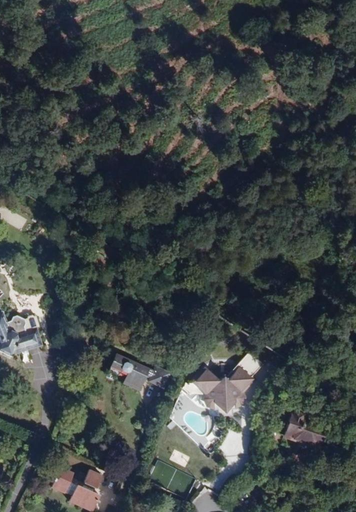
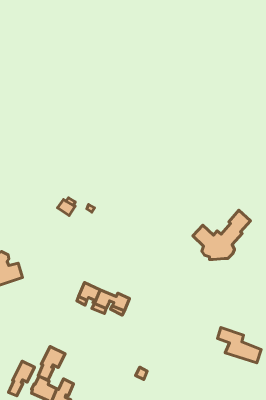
building: [194,350,263,409] -> [193,210,251,259]
building: none -> [38,347,65,380]
building: none -> [9,361,35,396]

